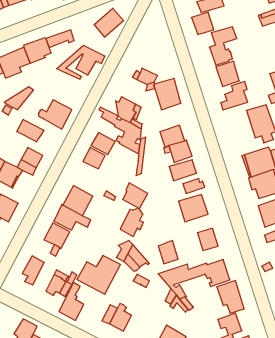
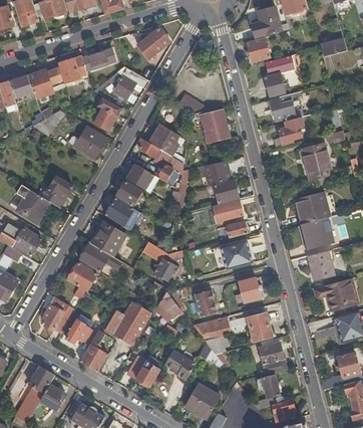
building: none -> [93,96,125,133]
building: [17,119,44,142] -> none
building: [123,183,148,208] -> [105,196,133,225]
building: none -> [164,350,196,380]

